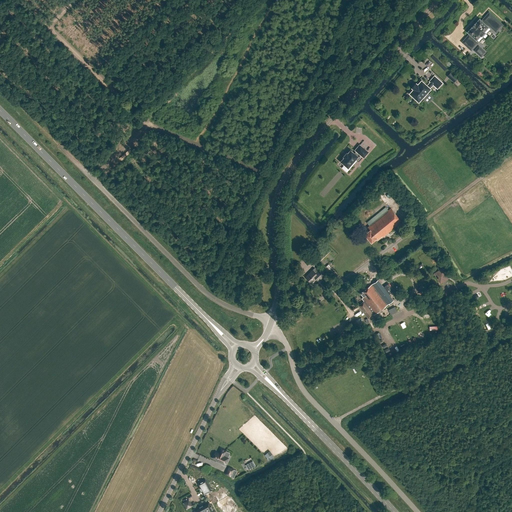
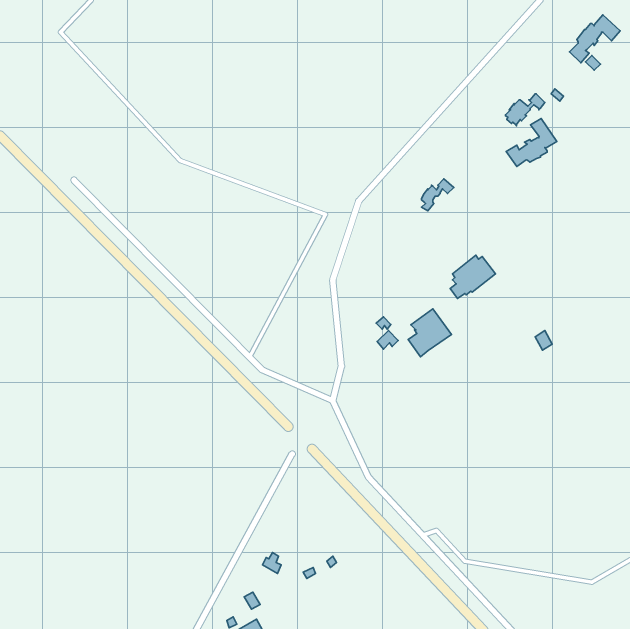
building: none -> [506,119,557,167]
building: [358,281,393,320] -> [408,309,451,357]

